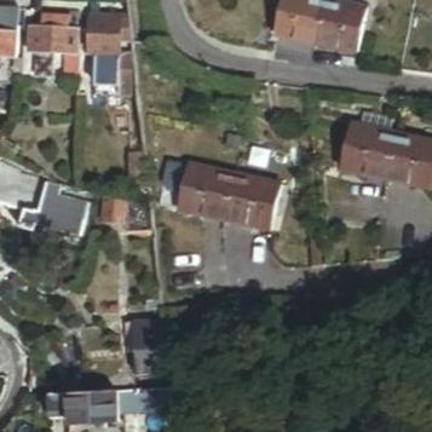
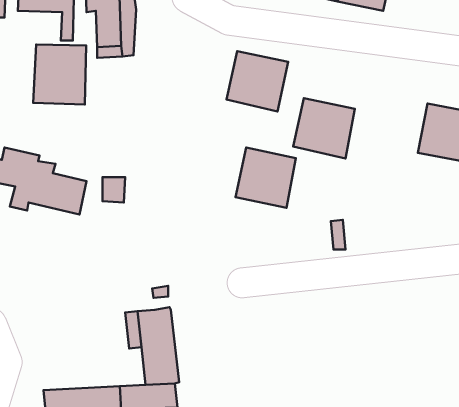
building: none -> [33,44,86,105]
building: [339,123,394,178] -> [293,98,355,158]
building: [175,163,231,218] -> [226,51,288,111]

